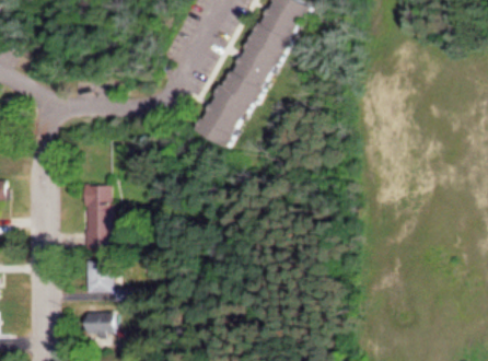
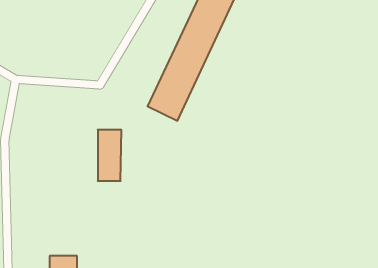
building: [84,184,113,245] -> [98,130,121,181]
building: [85,259,112,293] -> none

